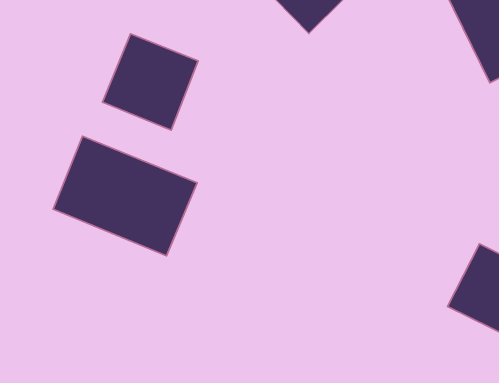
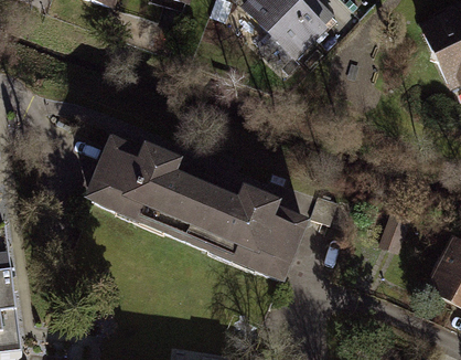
building: [103,34,198,130] -> none
building: none -> [184,180,308,280]

